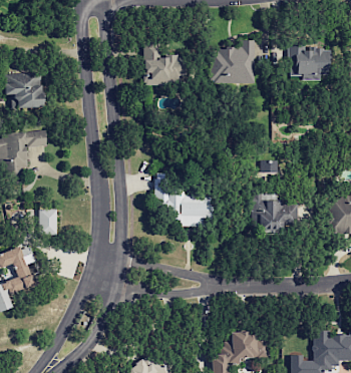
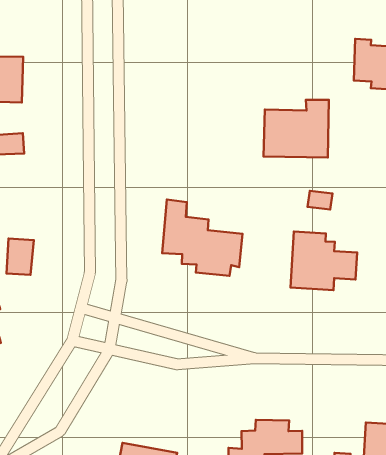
building: [208,39,257,84] -> [264,100,329,158]
building: [143,42,184,83] -> none

